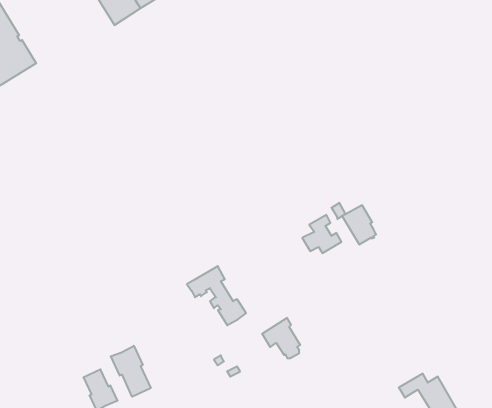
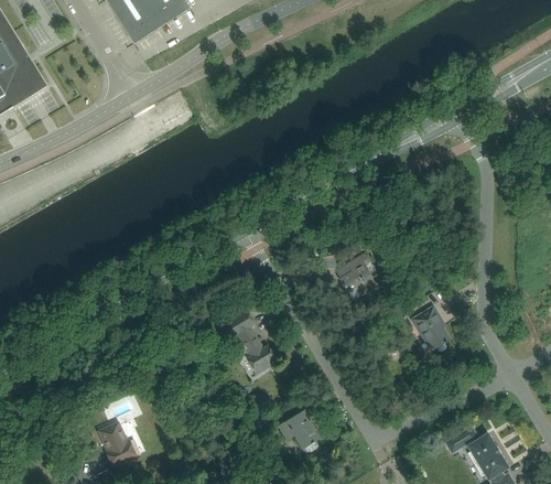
building: [342,205,376,244] -> [412,306,450,349]
building: [262,318,300,358] -> [279,408,321,452]
building: [111,346,151,397] -> none

